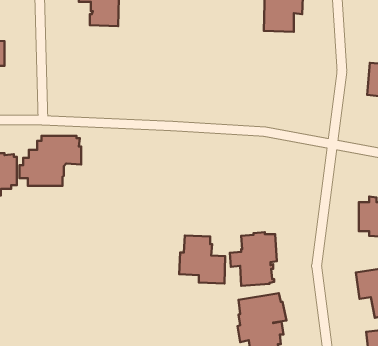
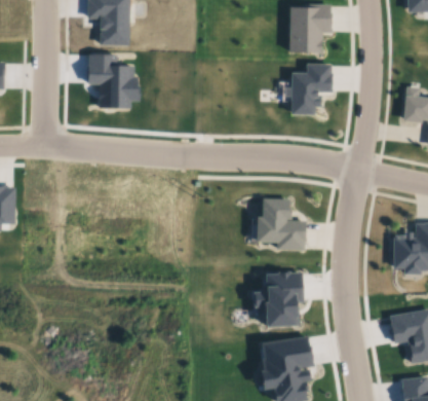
building: none -> [88,52,141,109]
building: none -> [290,63,333,114]
building: [20,136,81,186] -> none
building: [179,236,225,284] -> [256,198,306,251]

